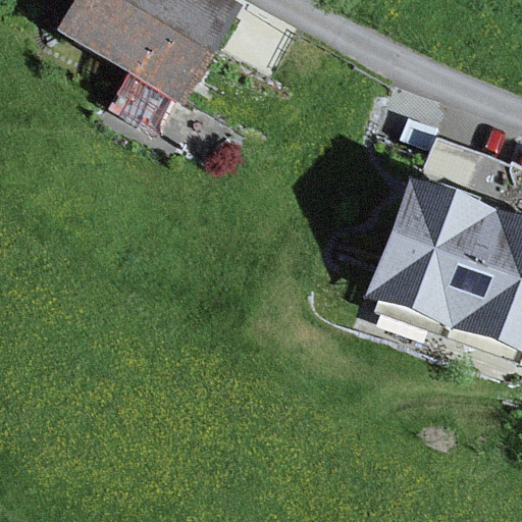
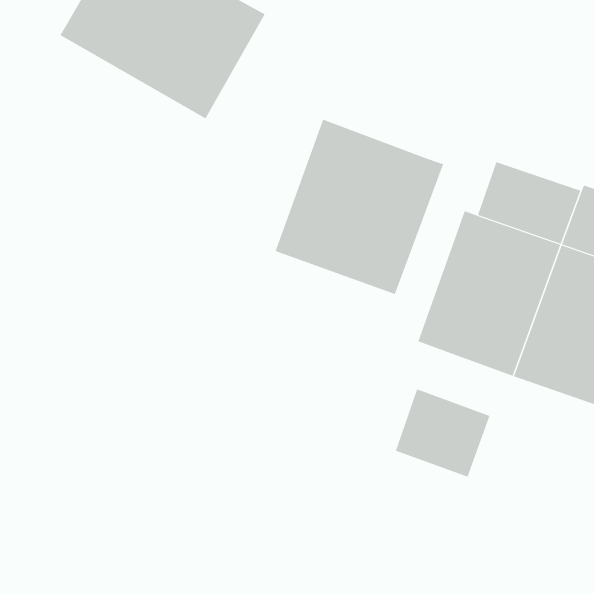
building: none -> [275,119,444,295]
building: none -> [395,388,490,478]

